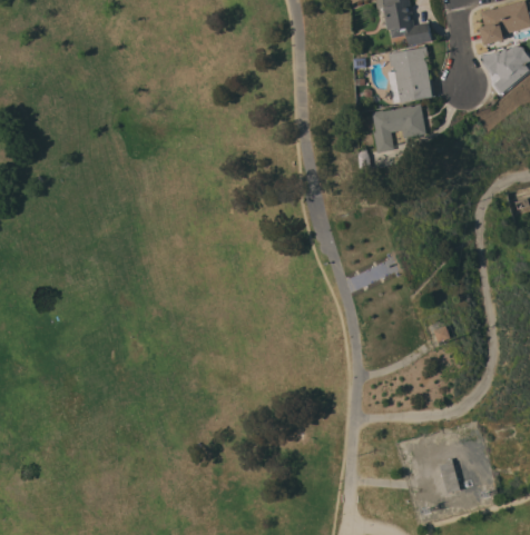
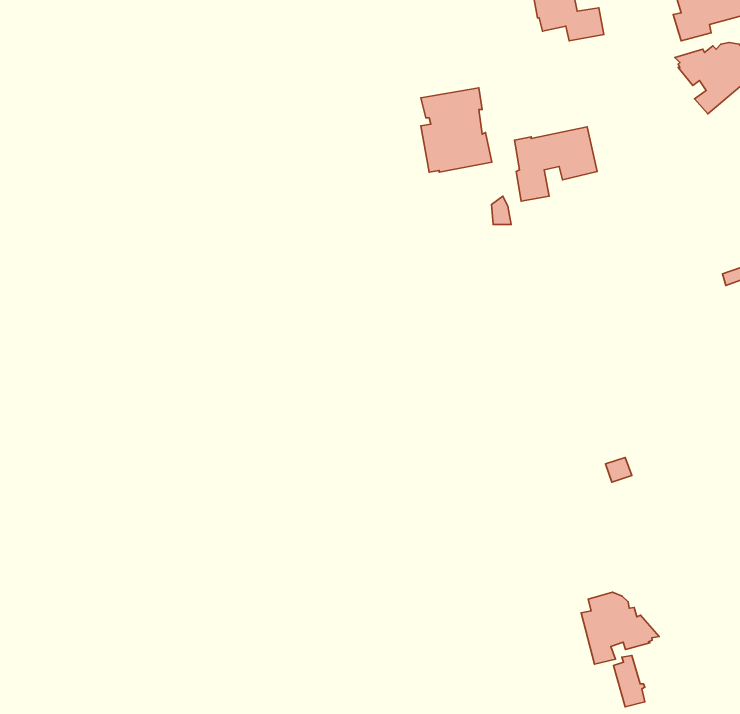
building: [387,47,435,103] -> [421,88,492,172]
building: none -> [581,592,659,664]

